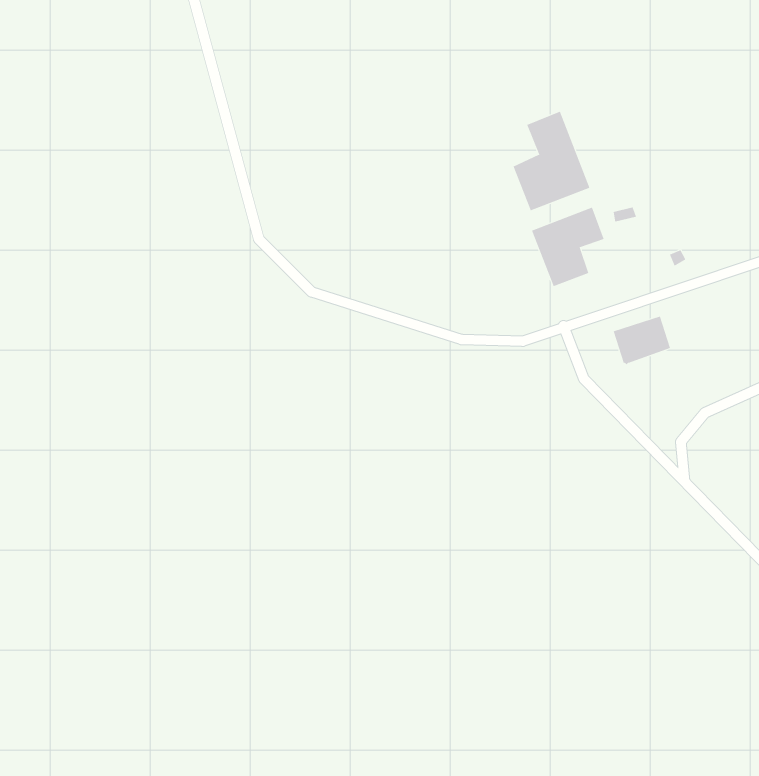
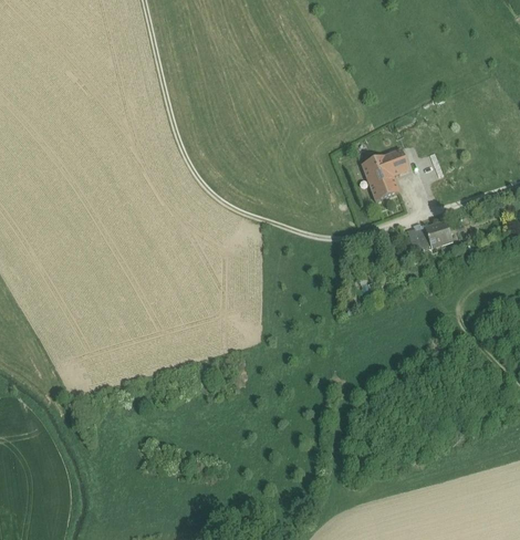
building: [513,111,590,211] -> none

